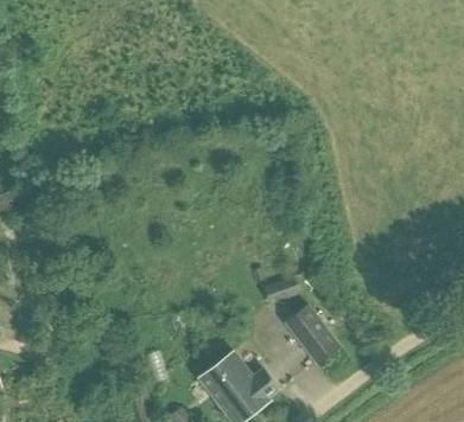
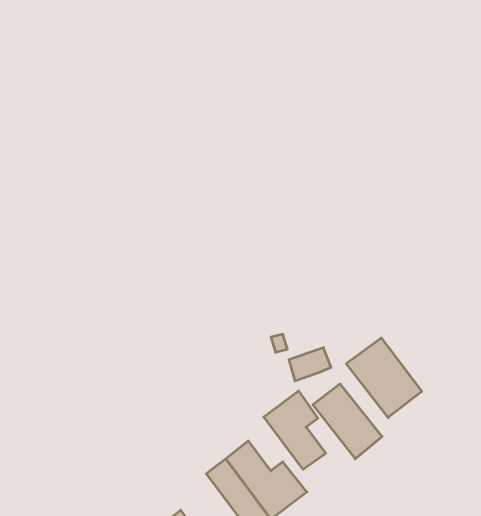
building: none -> [346,338,422,418]
building: none -> [264,391,326,469]

